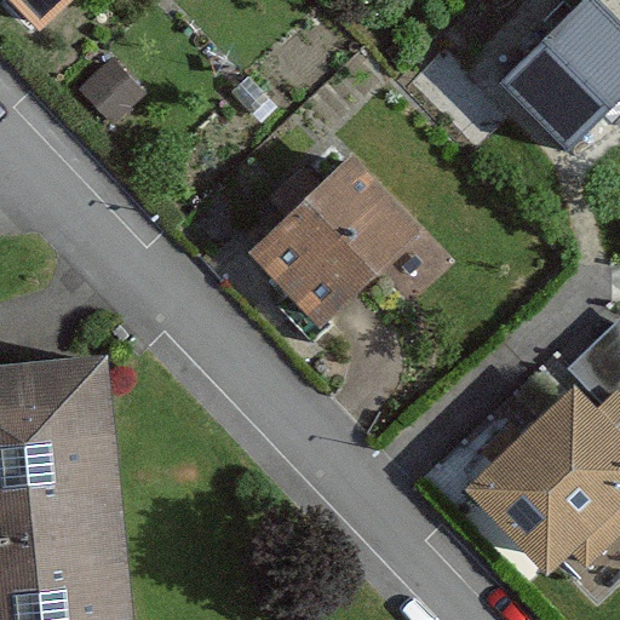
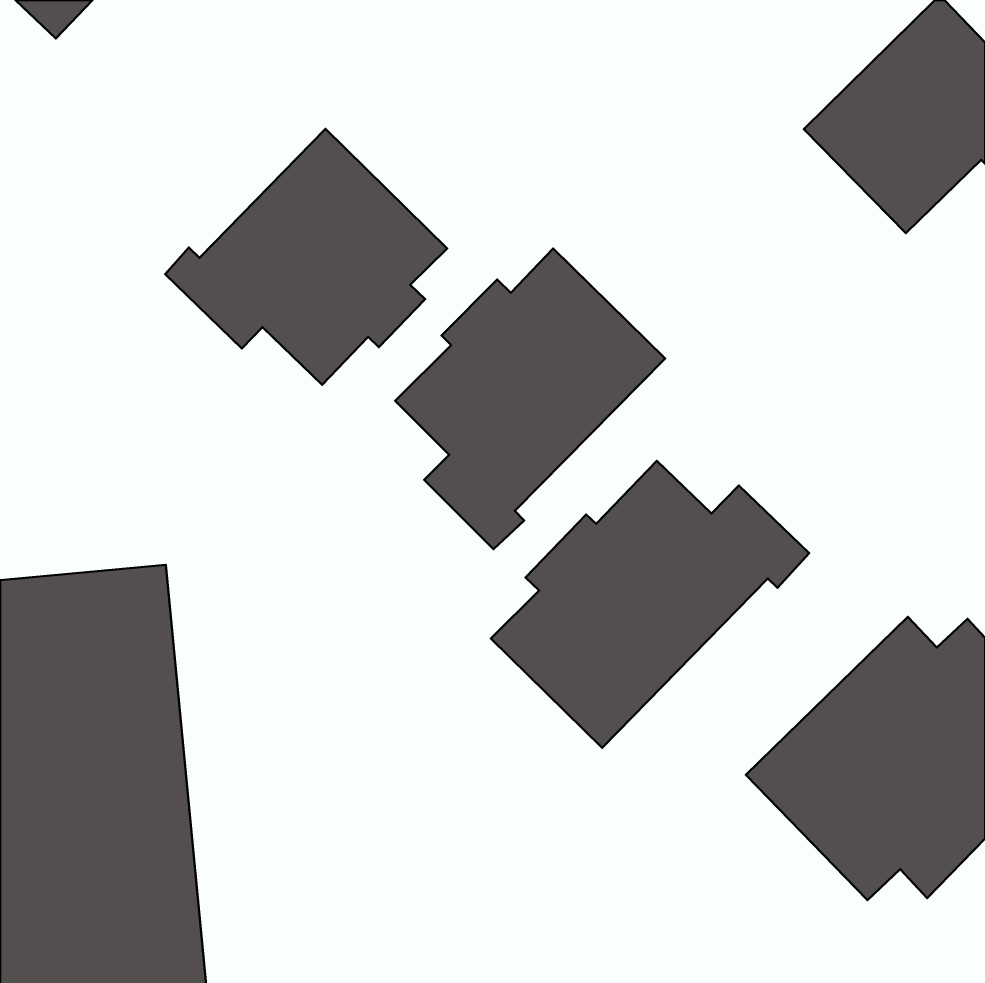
building: none -> [165,129,447,385]
building: none -> [491,461,809,748]

